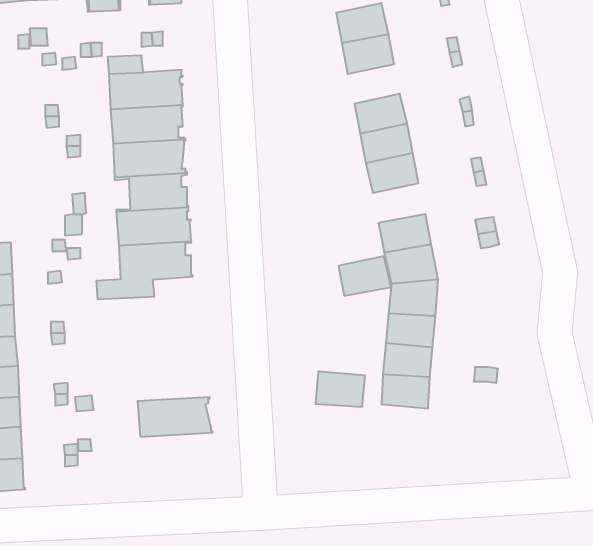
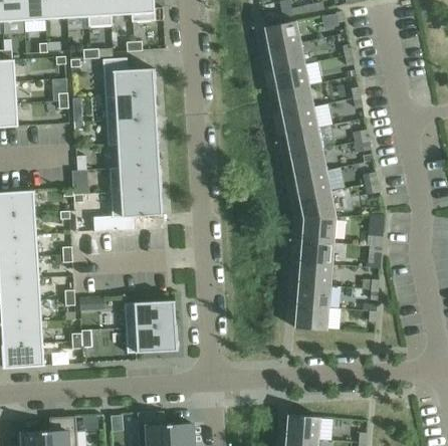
building: none -> [272,64,309,92]
building: [339,256,391,296] -> [290,149,327,177]
building: [315,371,365,407] -> [294,305,329,330]
building: none -> [126,325,179,354]

